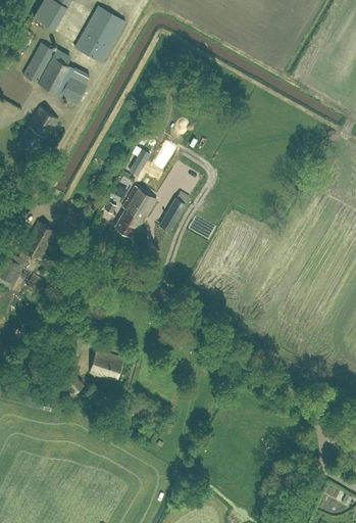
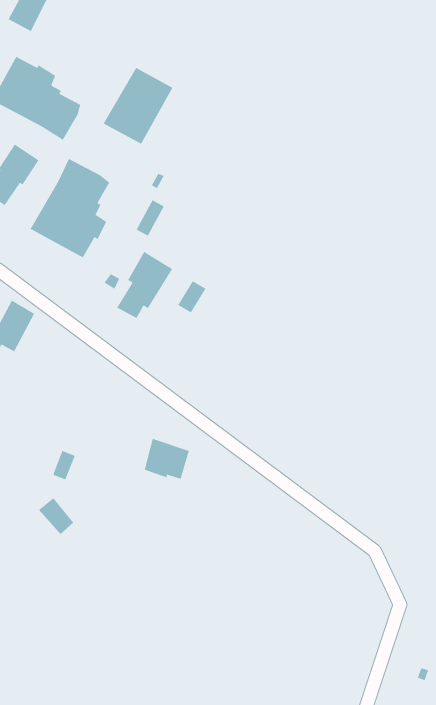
building: [73,6,125,63] -> [102,67,173,145]
building: none -> [29,158,110,258]
building: [90,349,123,380] -> [144,438,190,480]

